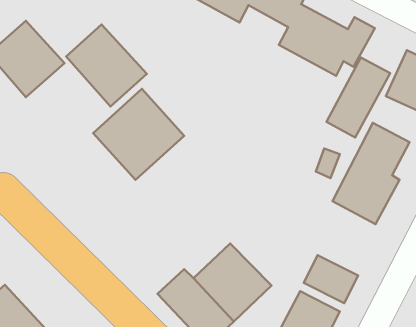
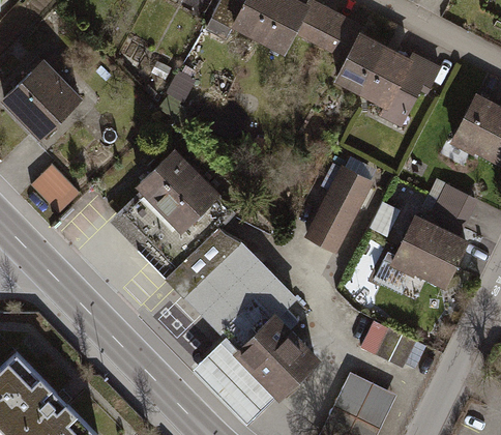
building: [66,25,147,107] -> none
building: [327,57,390,137] -> [306,157,378,248]
building: none -> [28,156,80,208]
building: none -> [174,233,289,348]

